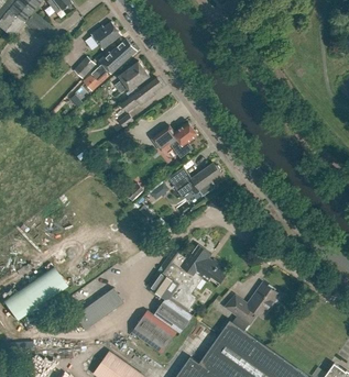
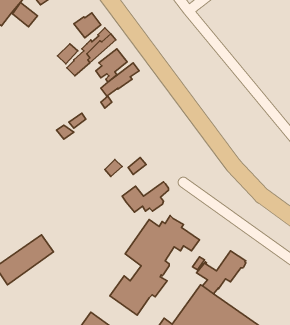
building: [153,123,198,156] -> none
building: [170,165,220,198] -> [122,182,169,212]
building: [73,288,123,332] -> none

